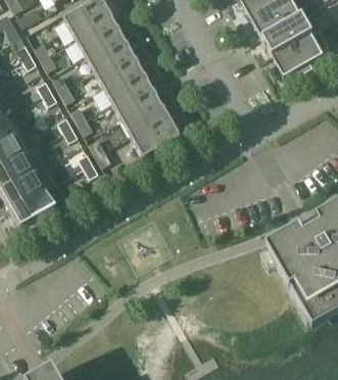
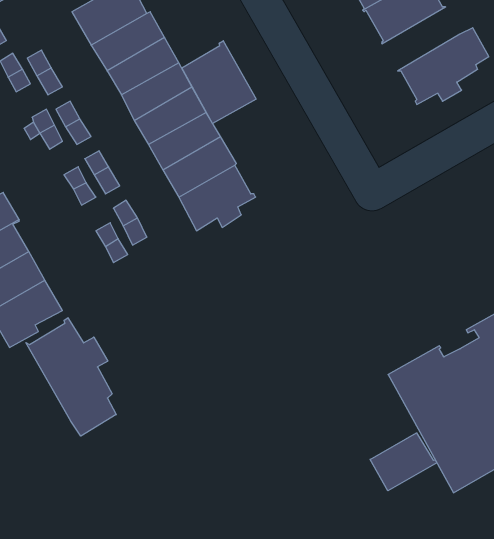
building: [260,12,310,53] -> none
building: none -> [182,41,256,123]
building: none -> [26,318,116,436]
building: none -> [370,433,437,491]

